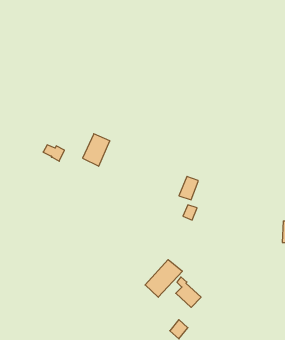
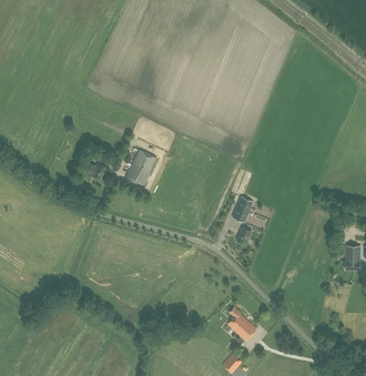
building: [145,260,182,297] -> none

